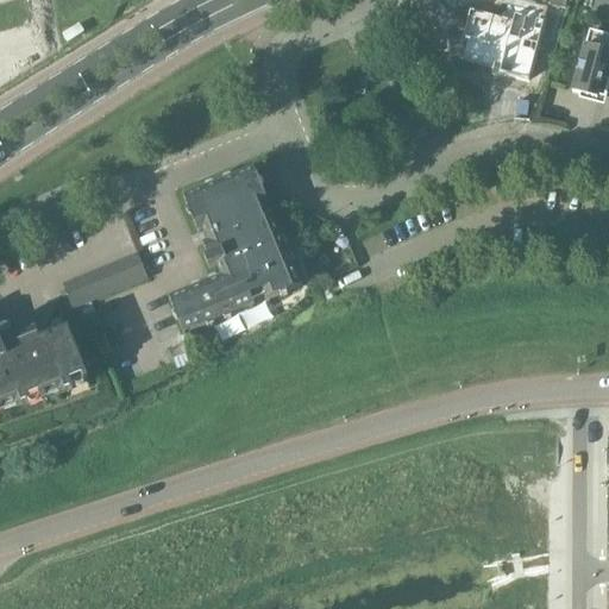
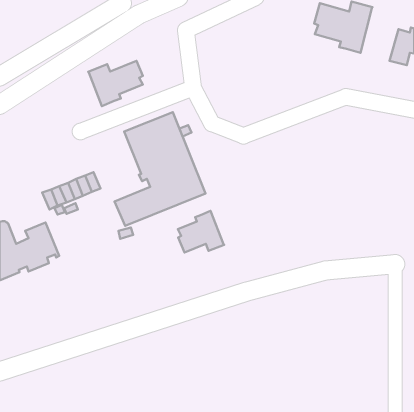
building: none -> [88,61,143,106]
building: none -> [178,211,224,252]

